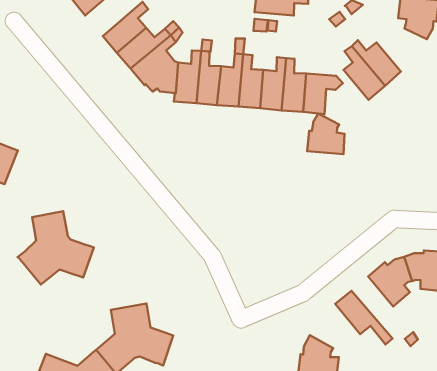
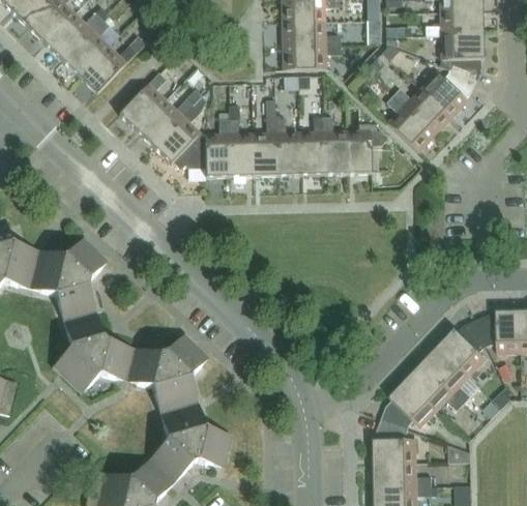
building: none -> [420,68,475,116]
building: [307,113,345,154] -> none
building: none -> [29,235,109,320]
building: none -> [126,331,209,412]
building: none -> [422,345,484,411]
building: none -> [382,379,437,427]

